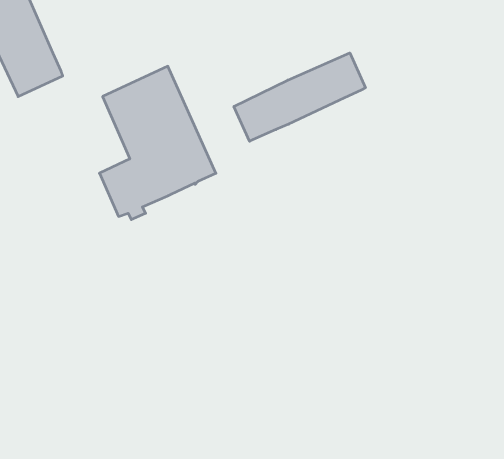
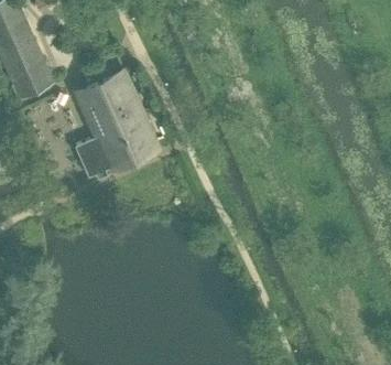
building: [234,53,365,141] -> none

